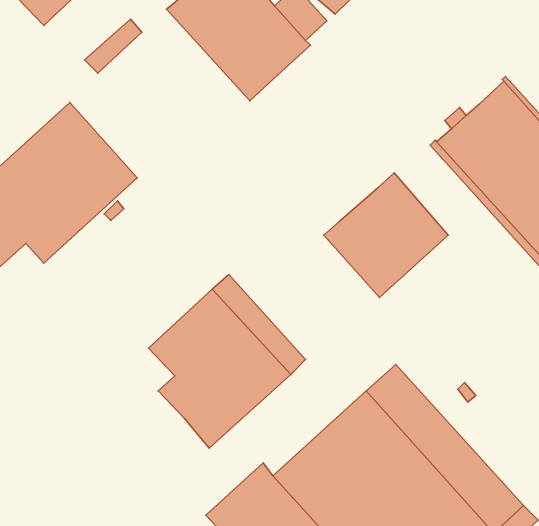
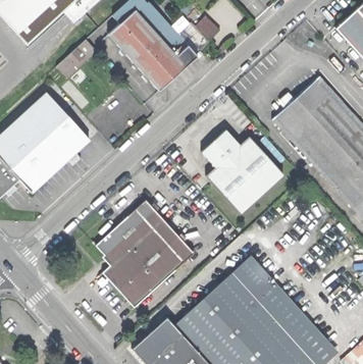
building: none -> [200,128,239,166]

